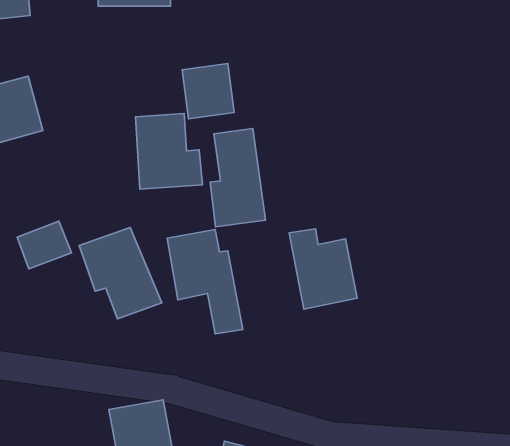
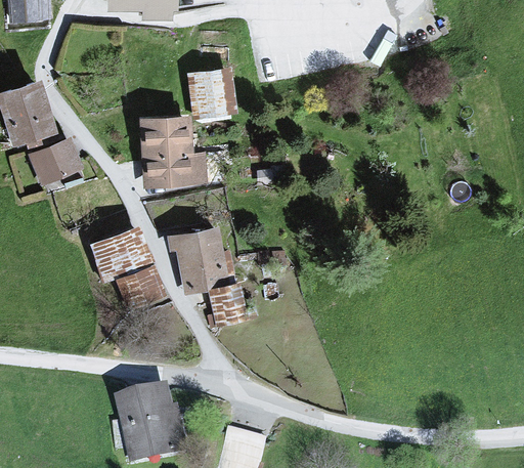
building: [210,128,265,227] -> none
building: [17,221,71,269] -> [29,138,81,184]
building: [289,229,357,309] -> none

